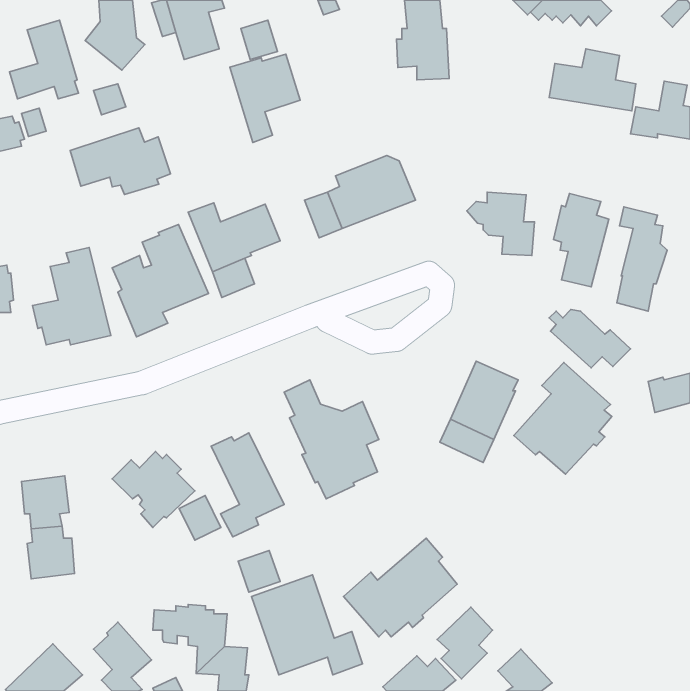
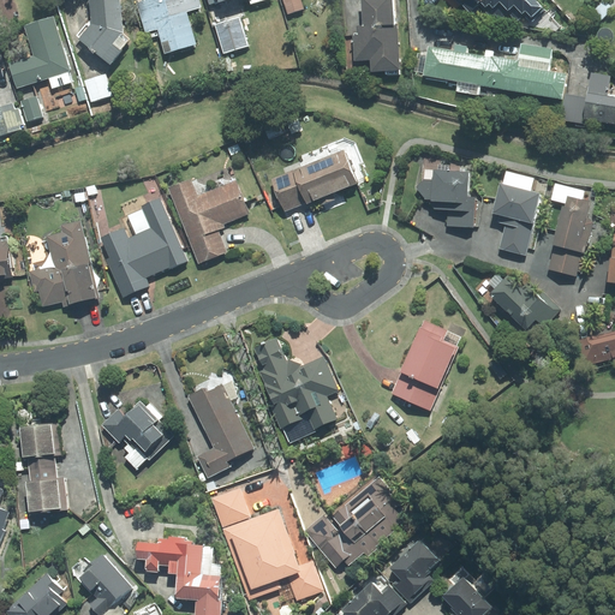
building: none -> [422,43,492,95]
building: [230,54,300,143] -> none
building: [70,128,171,195] -> none
building: [514,363,612,474] -> none
building: [179,496,221,540] -> none

